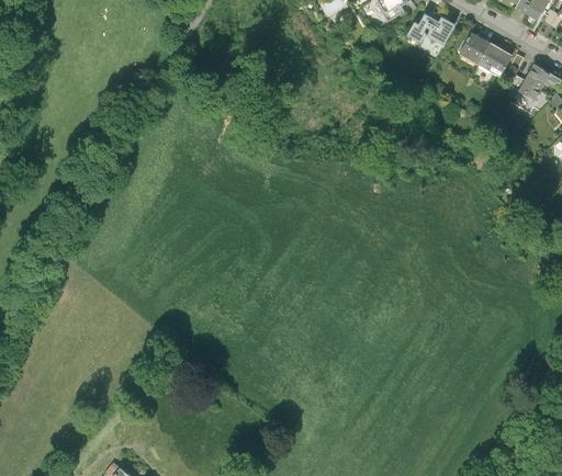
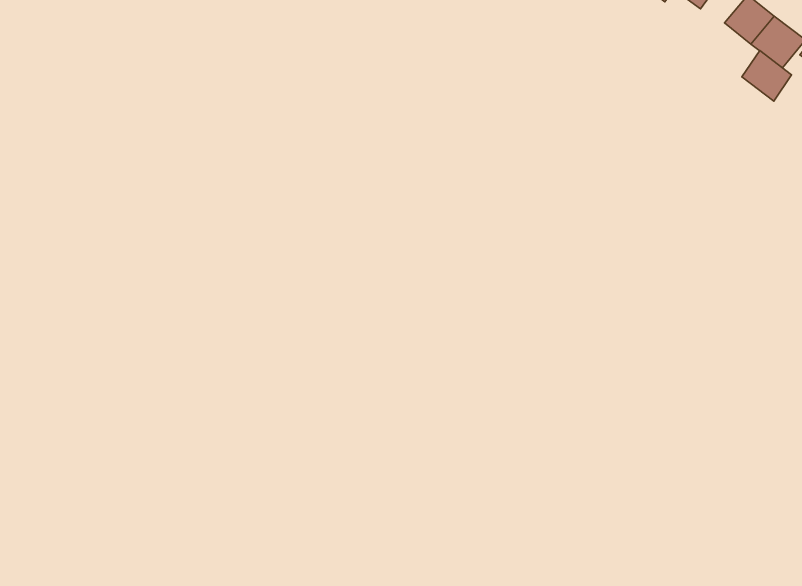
building: none -> [742,51,792,101]

